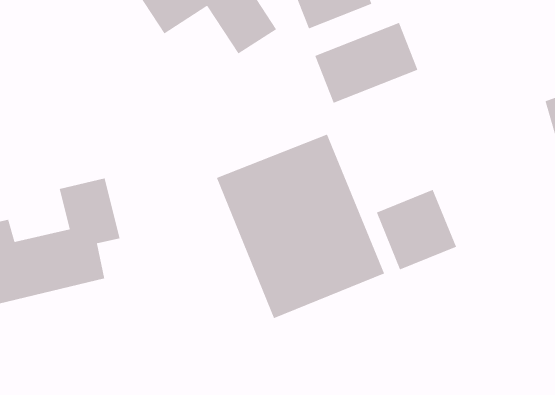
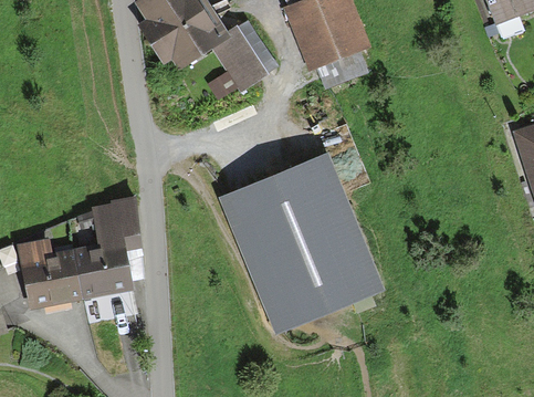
building: [314,22,419,104] -> none
building: [376,189,457,271] -> none

